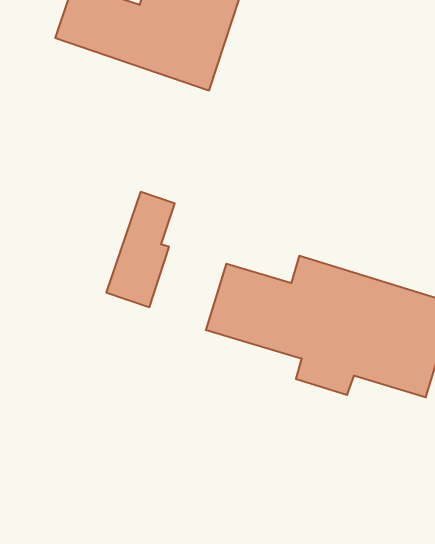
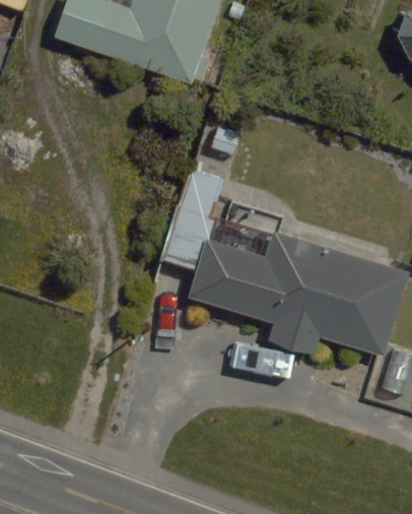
building: [106,192,175,307] -> [161,170,222,272]

